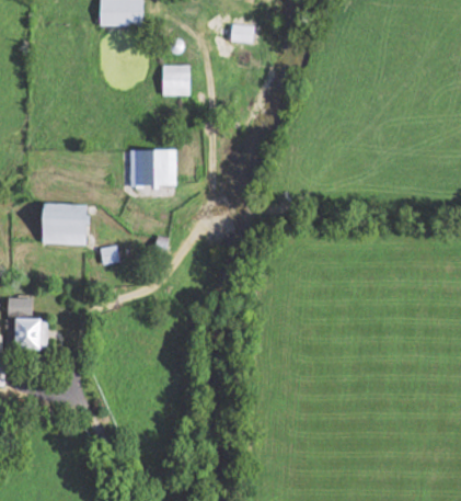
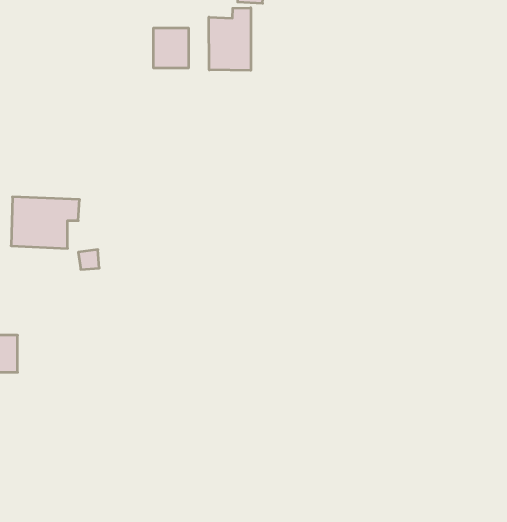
building: none -> [209,8,251,70]
building: [129,150,176,186] -> none

